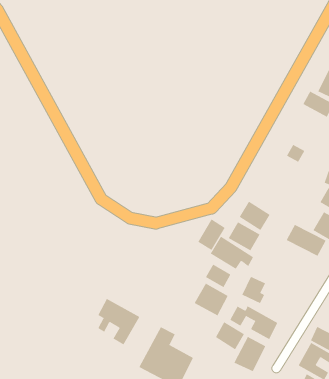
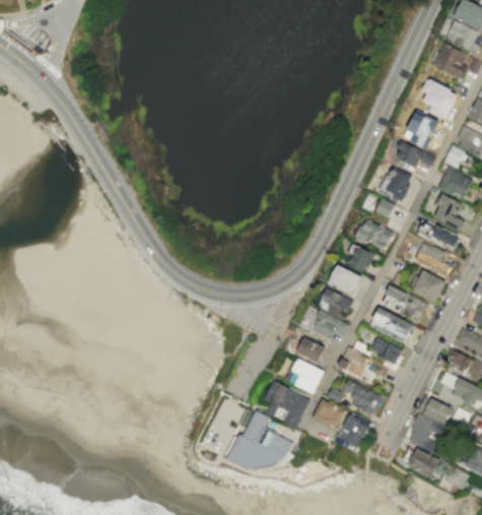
building: none -> [377,166,413,201]
building: none -> [355,218,392,250]
building: none -> [345,244,374,272]
building: [197,219,226,251] -> none
building: none -> [369,308,413,342]
building: none -> [369,336,403,364]
building: [97,298,140,345] -> [264,380,311,430]

